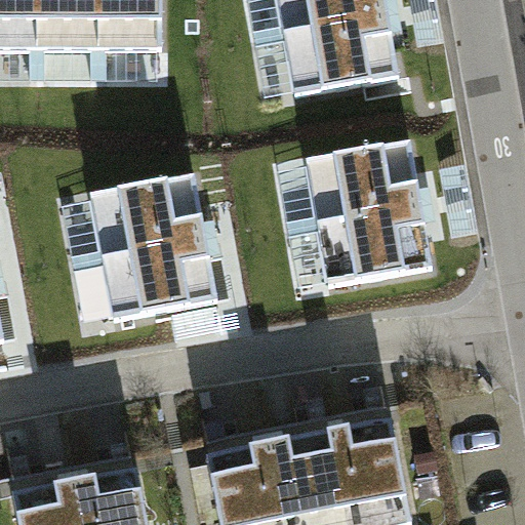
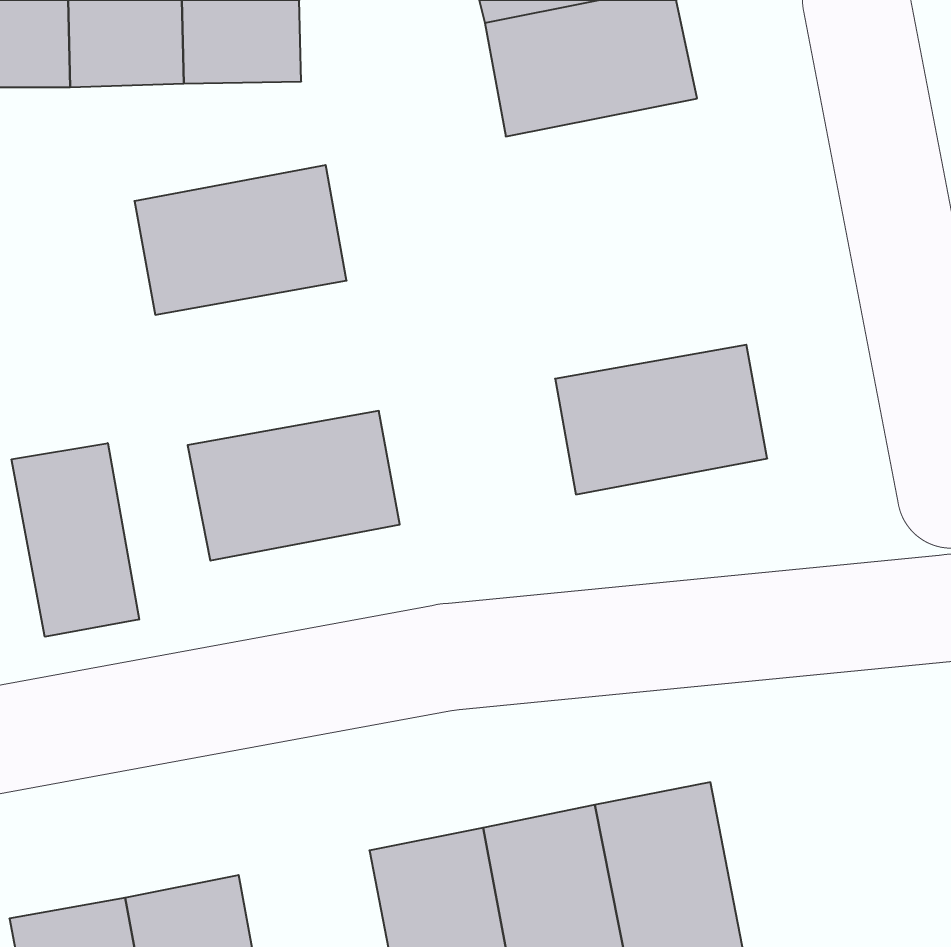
building: [288,135,404,216] -> none
building: [90,171,205,252] -> [134,165,347,315]
building: none -> [12,443,139,637]

